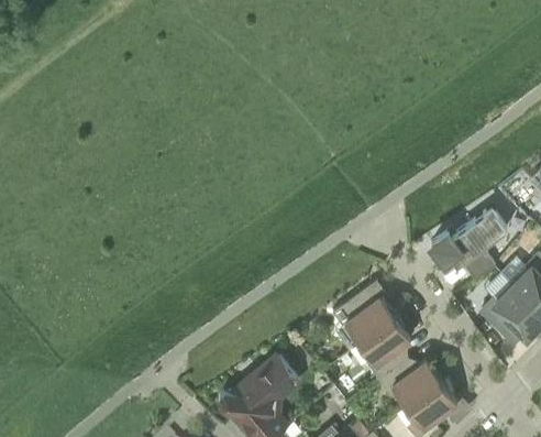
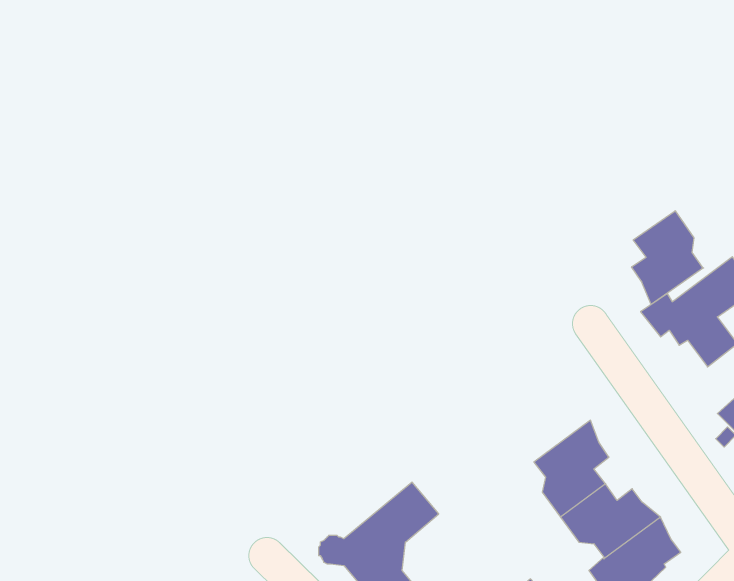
building: none -> [632,211,704,304]
building: [332,278,398,341] -> none

